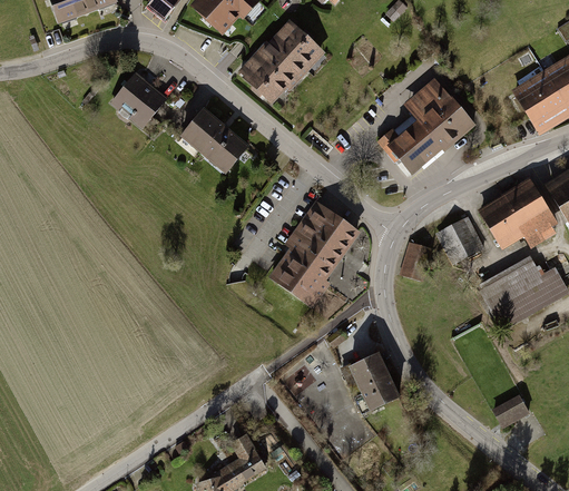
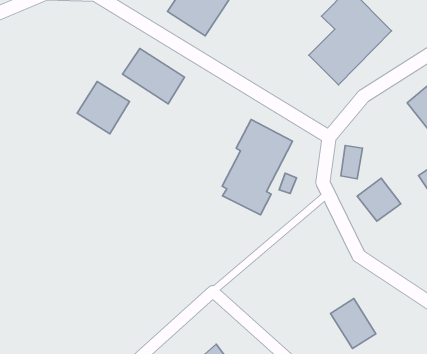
building: [114,73,170,130] -> [77,82,130,134]
building: [435,218,480,263] -> [357,178,401,221]
building: [351,352,395,404] -> [331,299,376,349]

